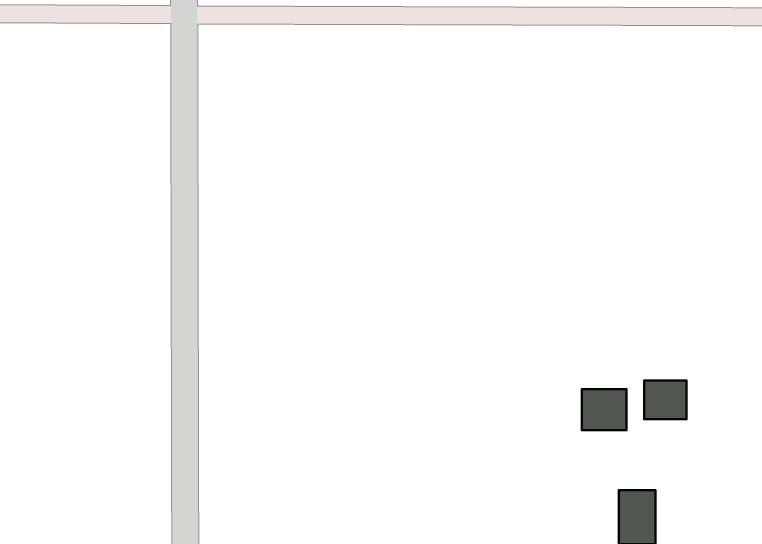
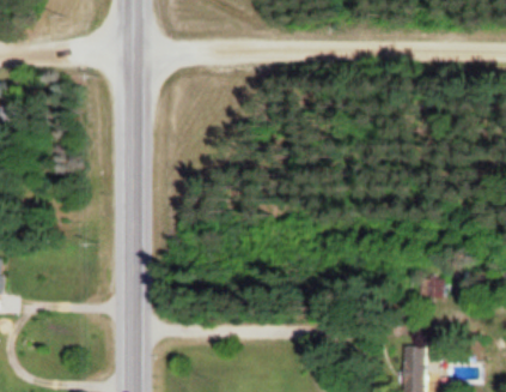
building: [582,389,626,430] -> none

